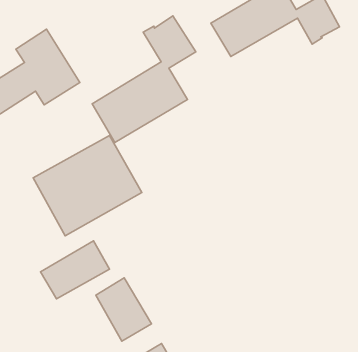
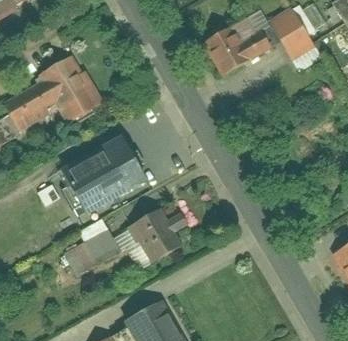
building: [92,16,196,142] -> none
building: [96,278,152,341] -> [136,205,181,256]

